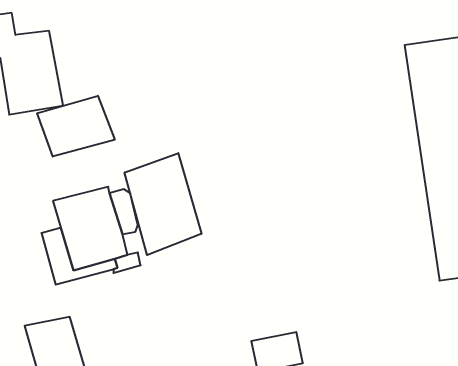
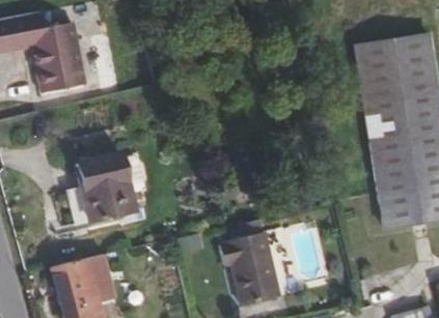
building: [37,96,115,157] -> none
building: [125,153,201,255] -> none
building: none -> [220,232,270,279]

